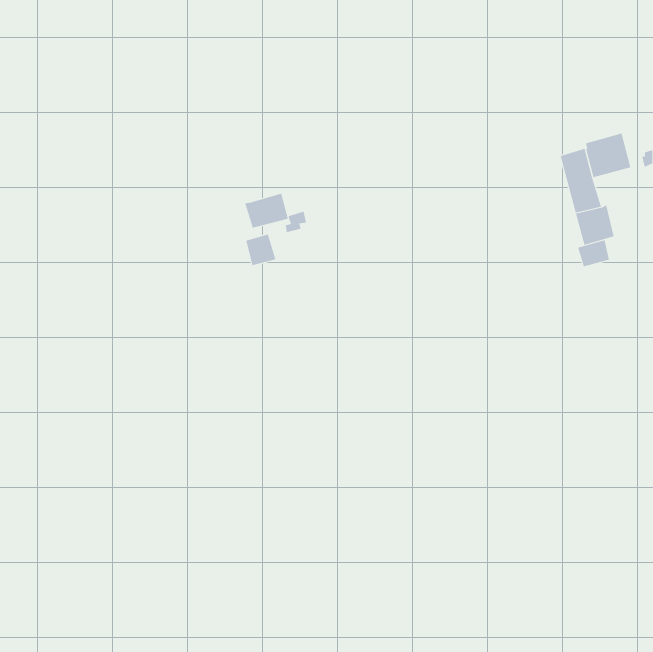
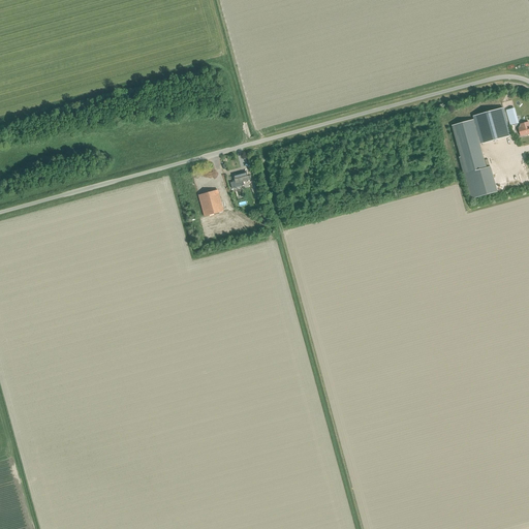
building: [244,193,288,228] -> none
building: [578,240,610,267] -> none

